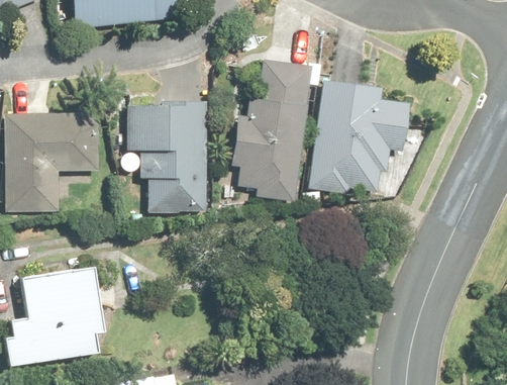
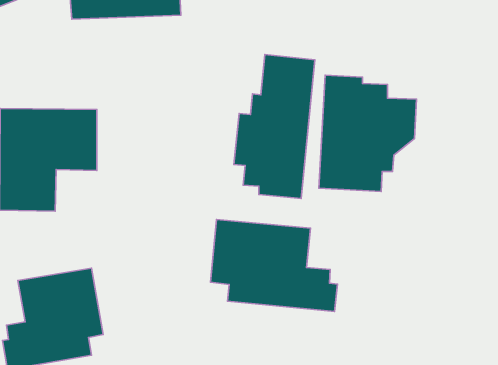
building: [126,100,205,212] -> none
building: none -> [210,219,337,311]

